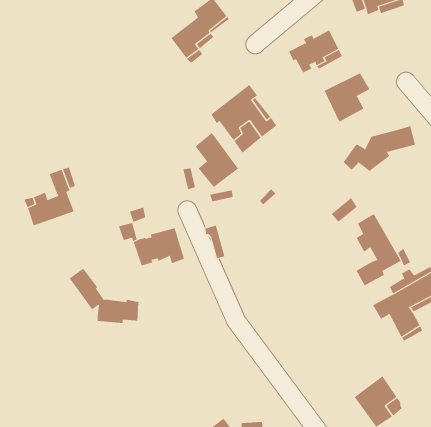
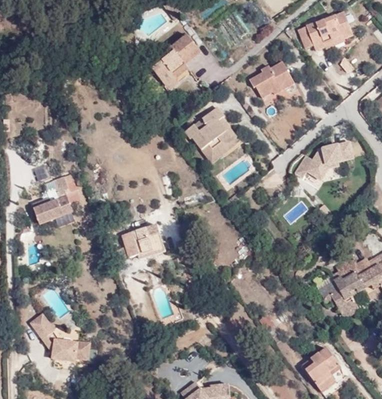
building: [324,72,370,122] -> none
building: [195,132,239,188] -> none
building: [356,213,401,286] -> none
building: [69,268,139,324] -> [30,313,88,359]

